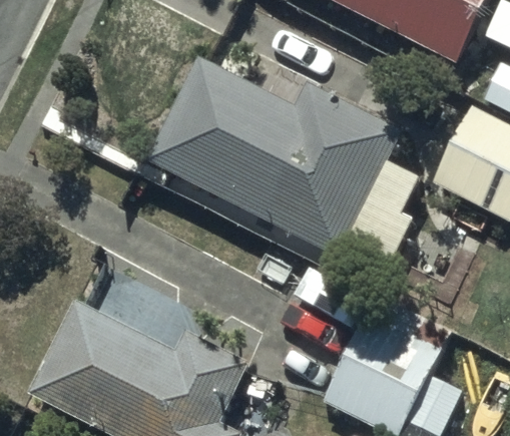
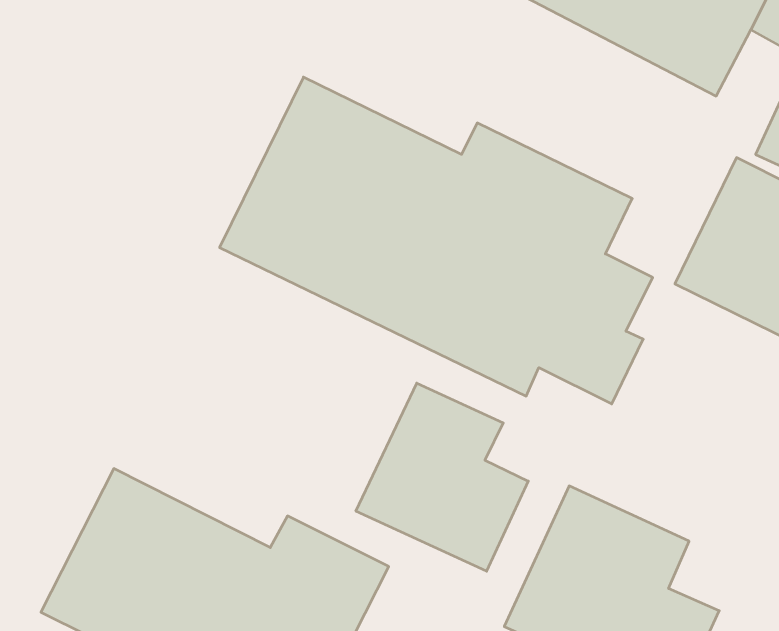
building: none -> [356,383,528,571]

